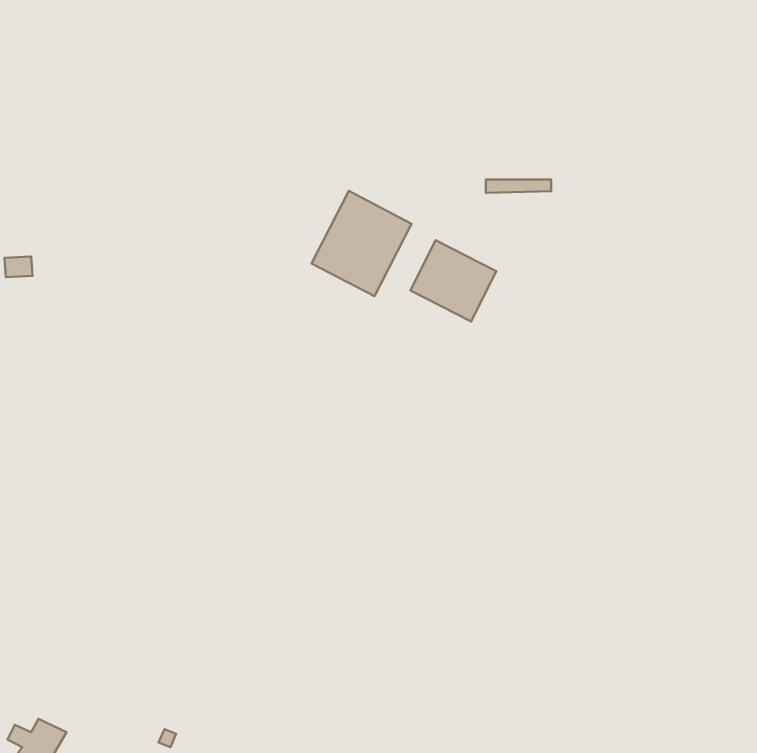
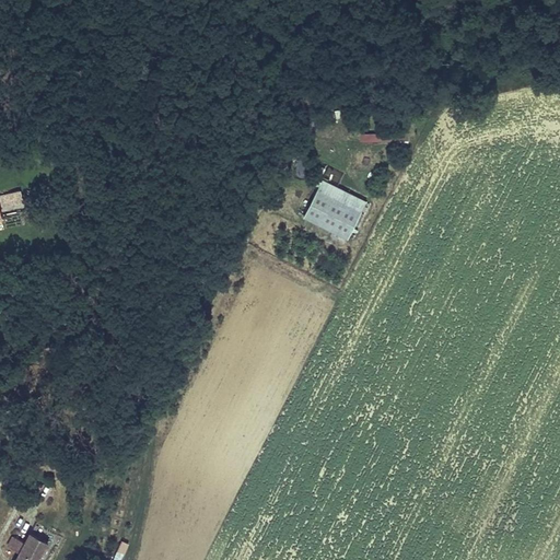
building: [312,191,412,296] -> none

